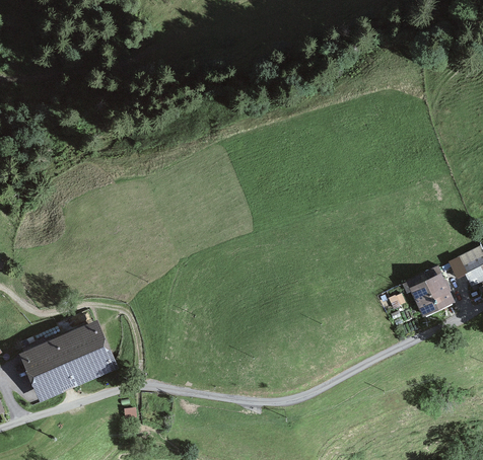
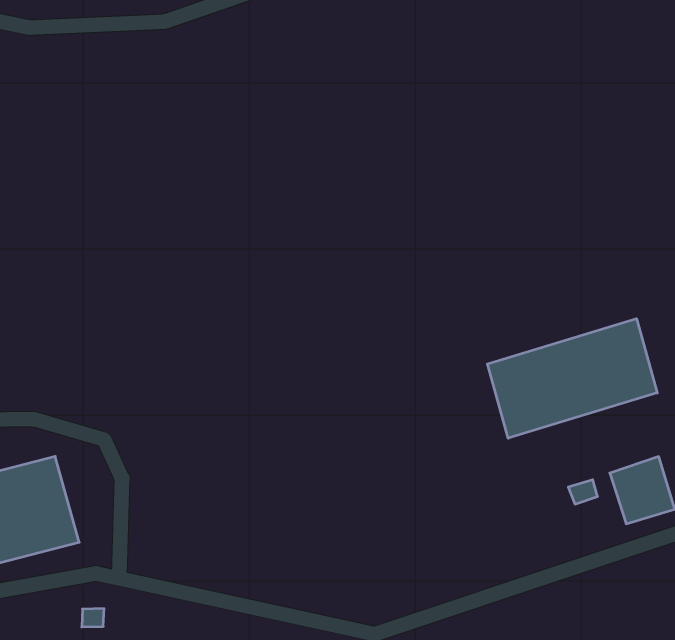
building: none -> [487,319,657,438]

